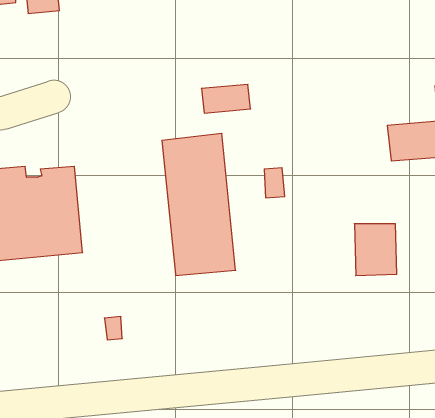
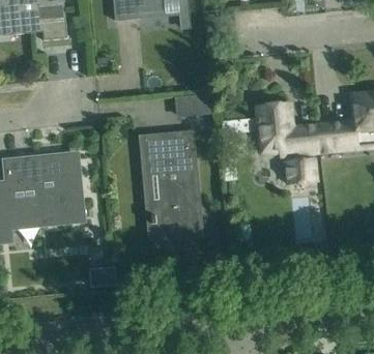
building: none -> [252,102,318,183]

